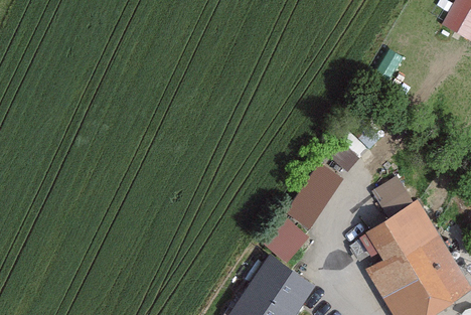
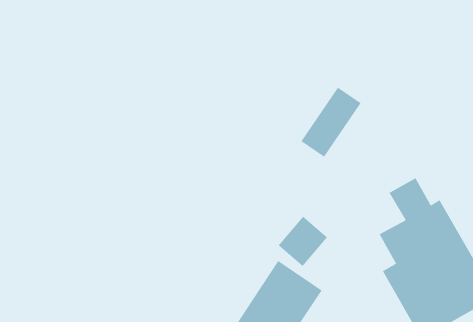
building: [290,162,346,227] -> [301,87,361,158]

